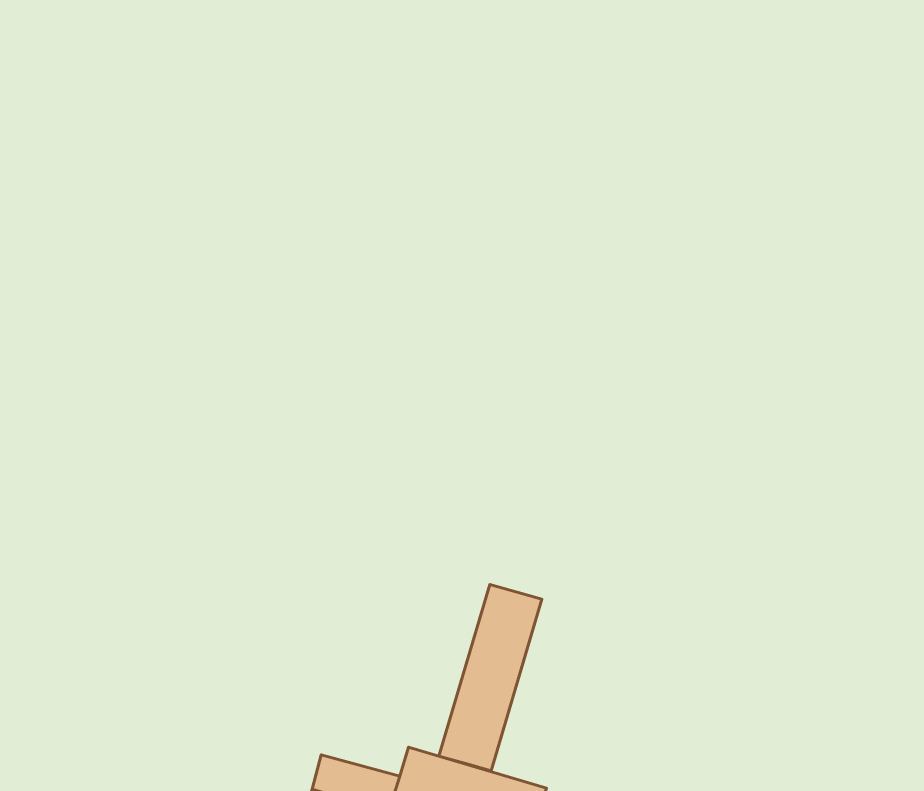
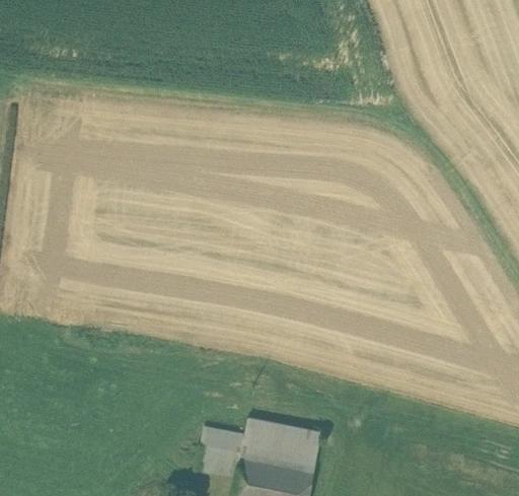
building: [439,585,542,771] -> none

